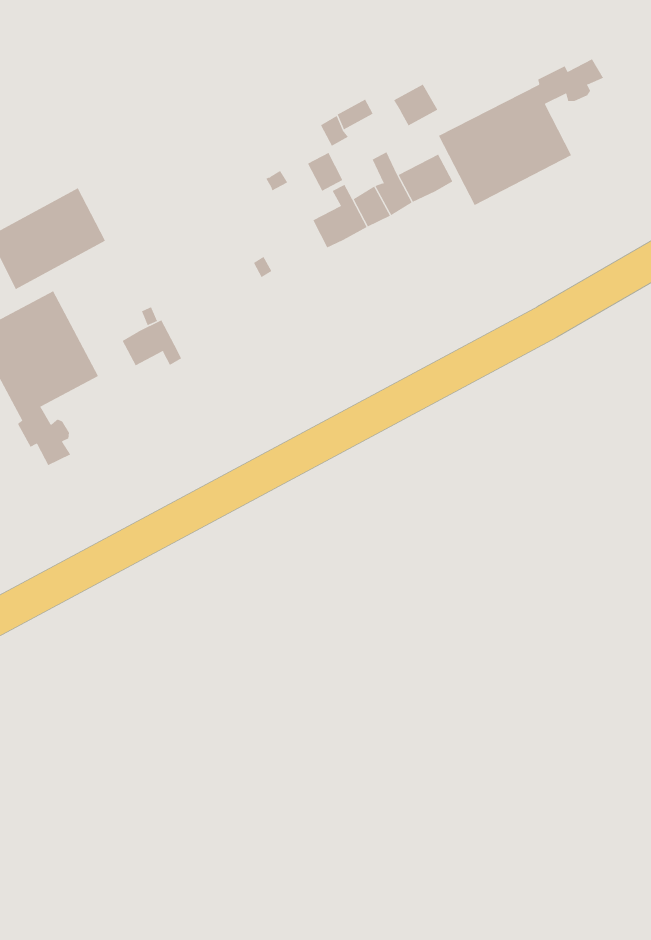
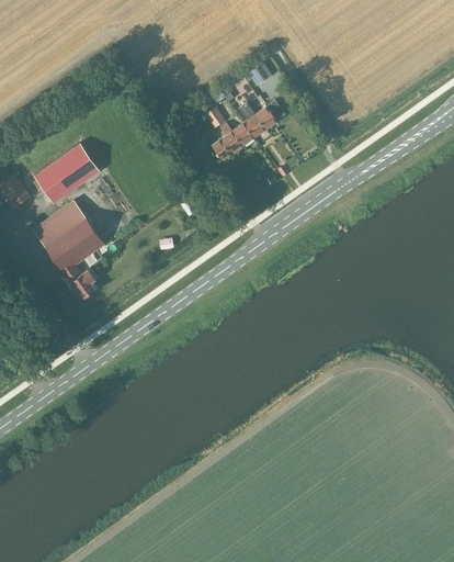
building: [438,58,604,206] -> none
building: [122,319,182,366] -> none

